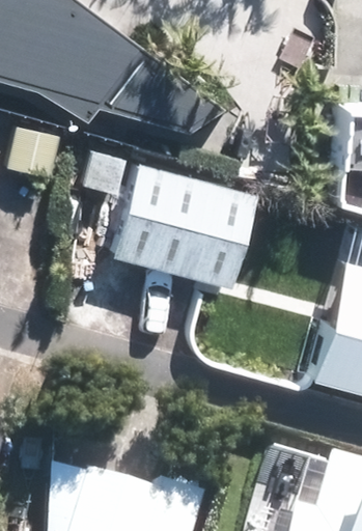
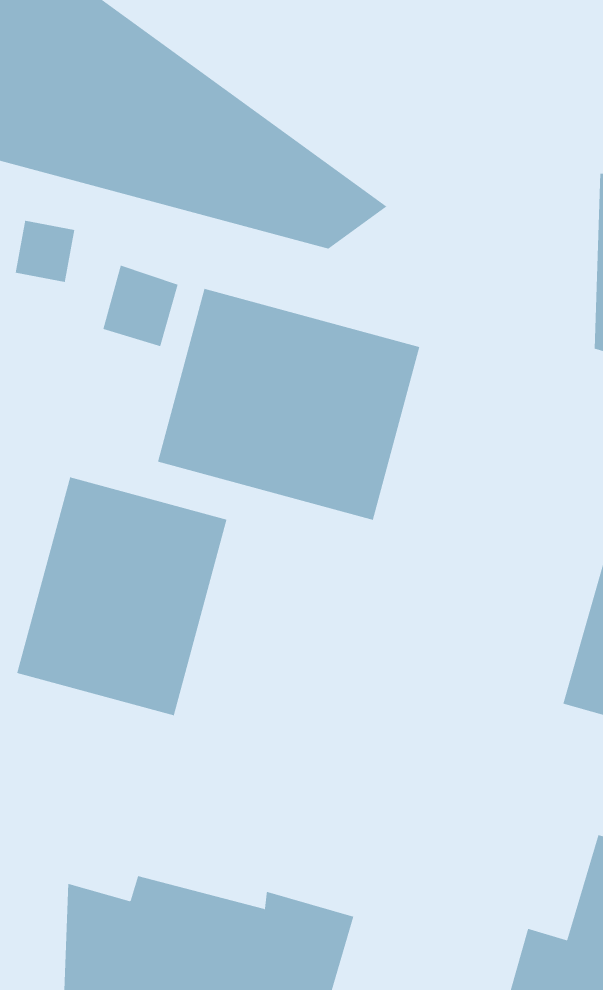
building: none -> [16,476,227,716]

